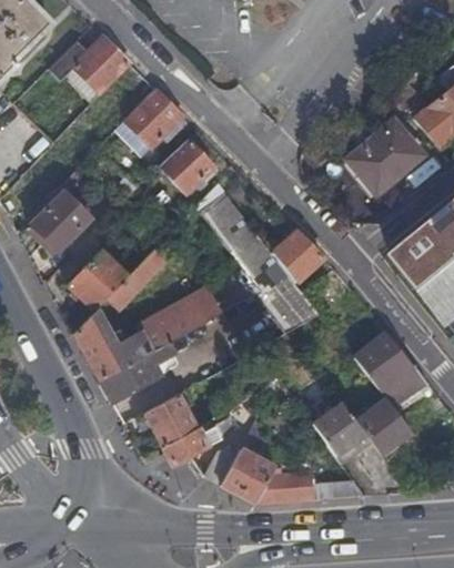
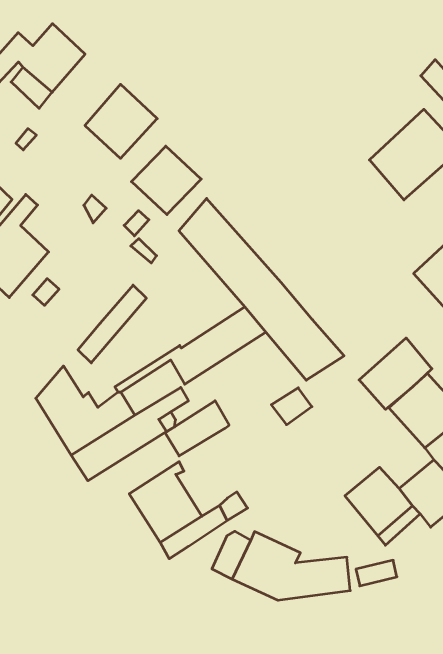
building: [275,231,325,283] -> none
building: [71,251,130,311] -> none
building: none -> [359,338,432,409]
building: [143,308,194,351] -> [165,401,229,456]

